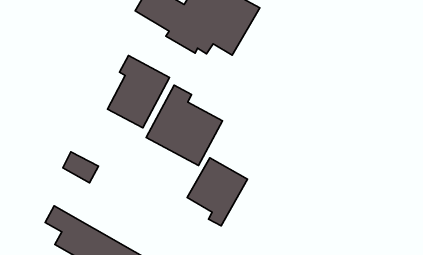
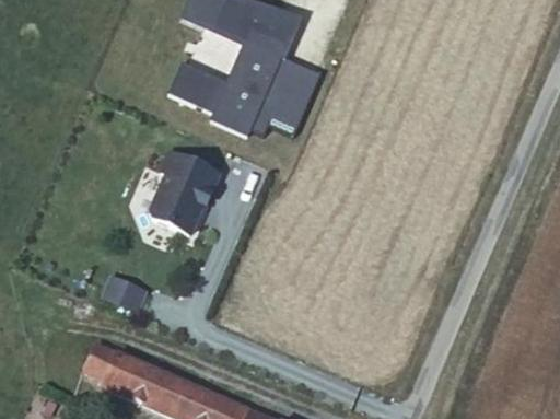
building: [146,85,222,165] -> none
building: [187,158,248,226] -> none

